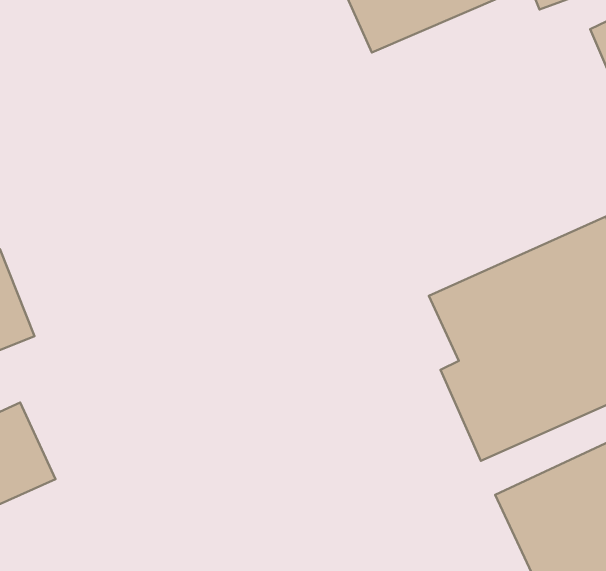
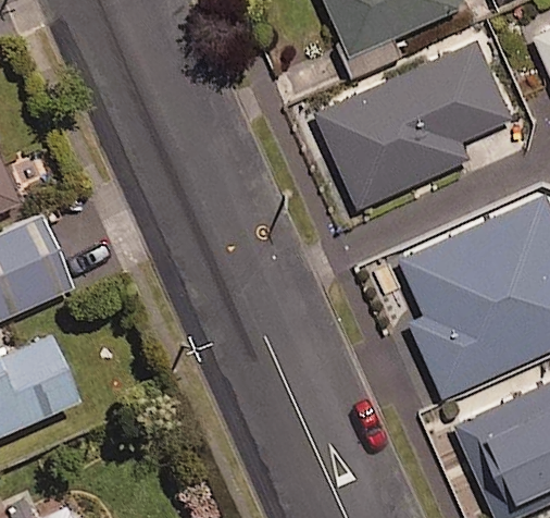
building: none -> [312,38,512,209]

